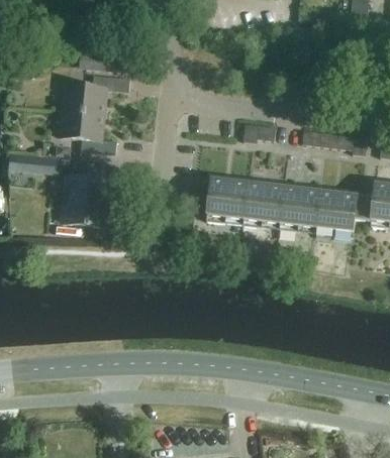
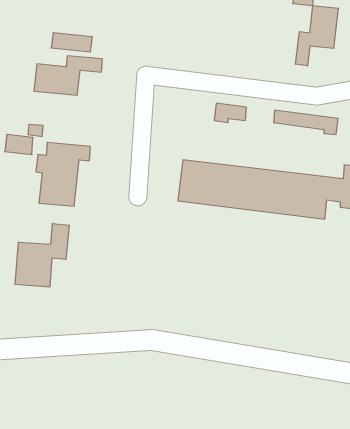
building: none -> [296,6,338,66]
building: [59,108,117,151] -> none
building: none -> [15,223,69,287]

